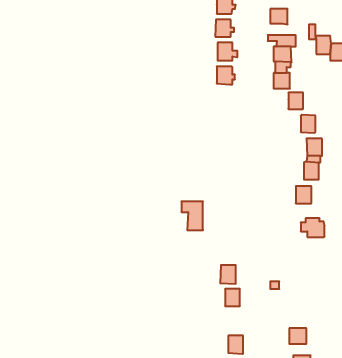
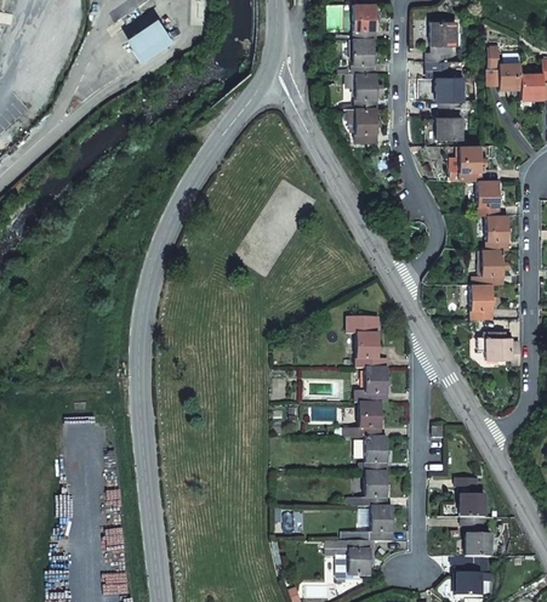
building: none -> [125,19,172,64]
building: [181,201,203,230] -> [347,317,378,359]
building: none -> [355,368,387,402]
building: none -> [364,471,387,498]

